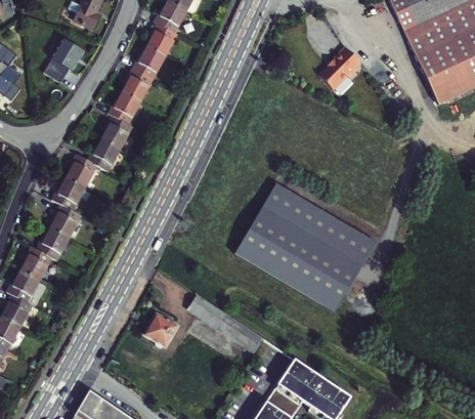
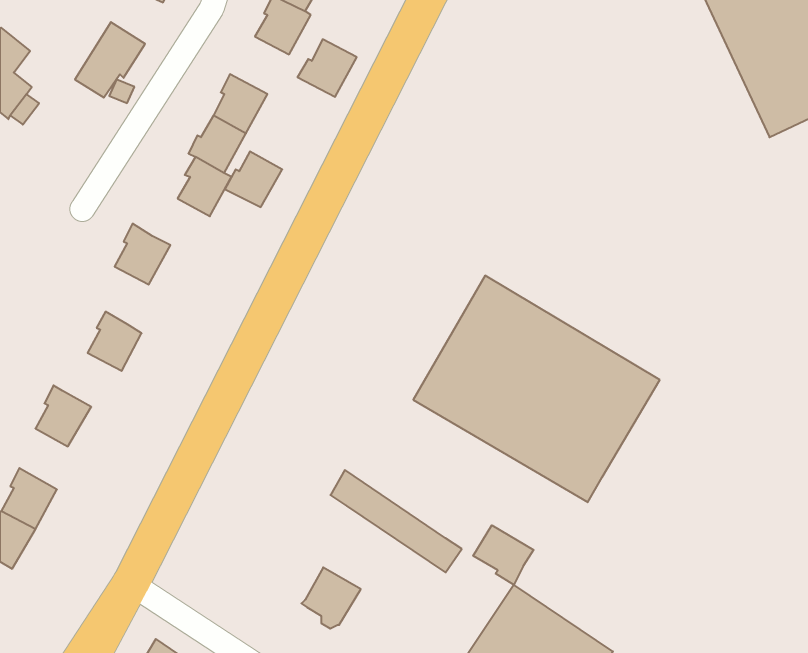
building: [131,46,165,79] -> [297,39,357,97]
building: [320,46,361,89] -> none
building: [87,138,120,170] -> [225,151,282,207]
building: [51,177,85,210] -> none
building: [36,226,70,262] -> none
building: [6,269,45,305] -> none
building: [143,312,177,347] -> [301,567,361,629]
building: none -> [473,525,534,585]

